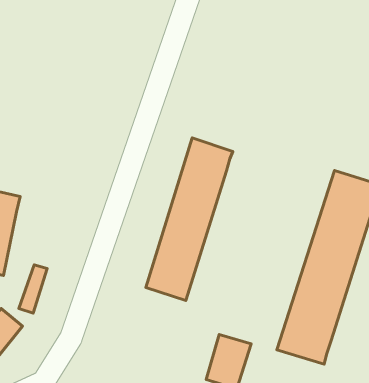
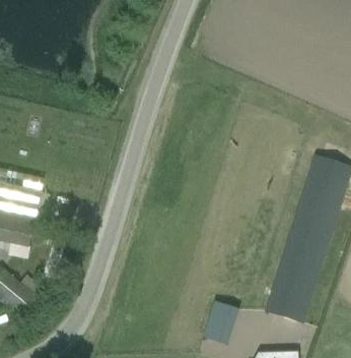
building: [146,138,233,301] -> none

